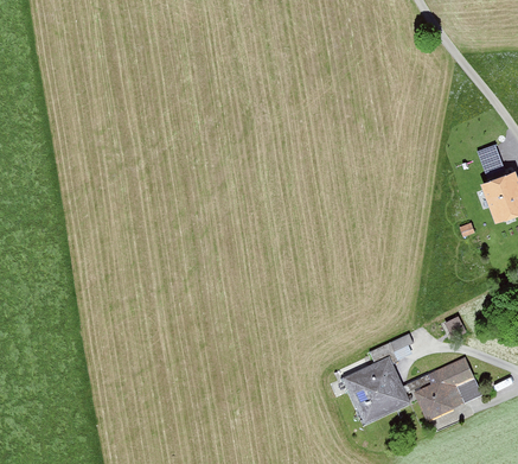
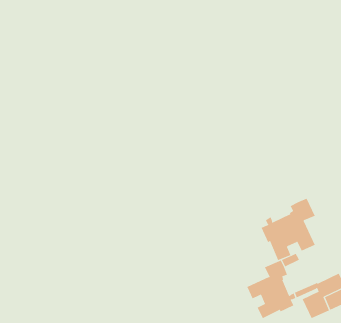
building: none -> [261,198,315,261]

